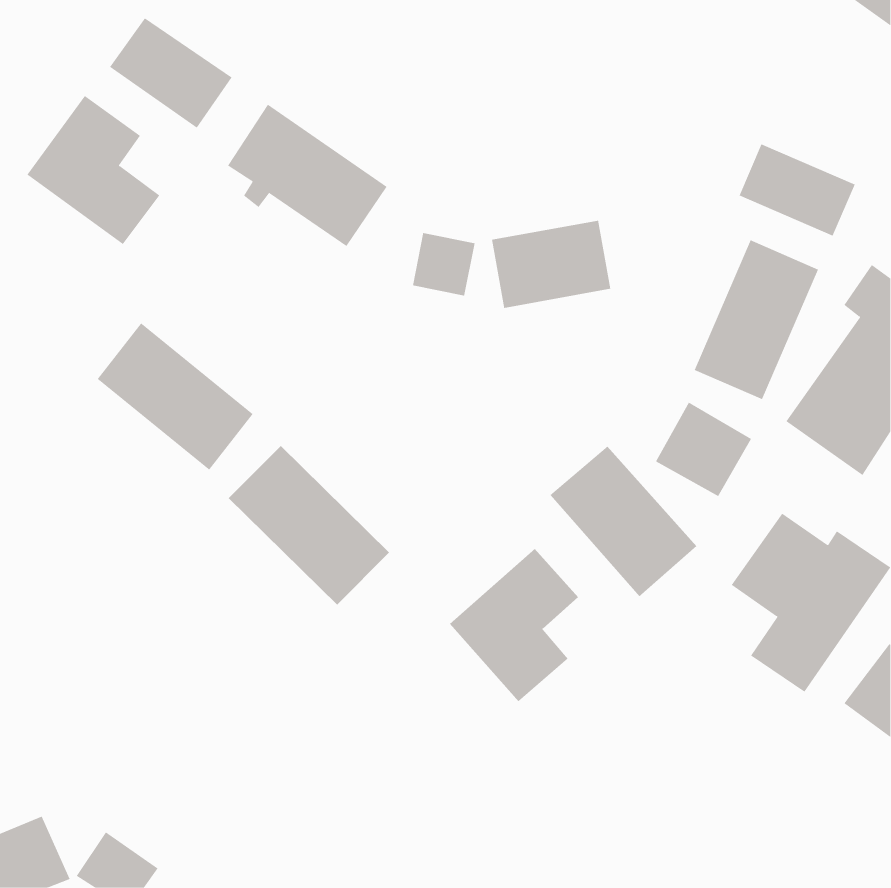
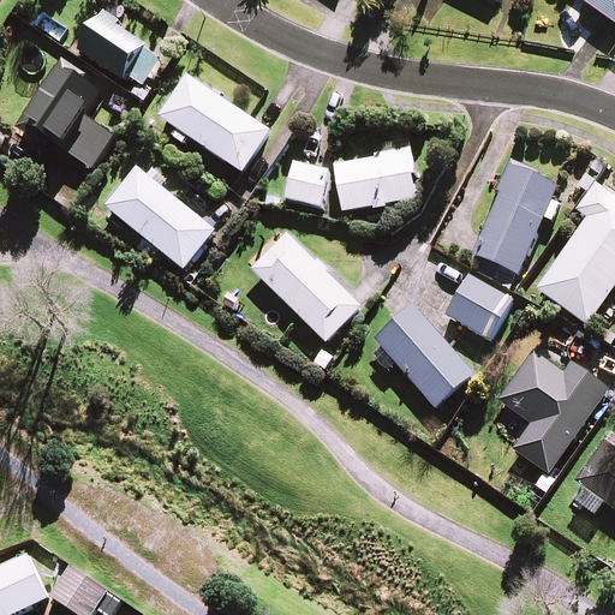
building: [739,143,856,236] -> none
building: [97,322,253,470] -> [102,165,209,265]
building: [228,445,390,605] -> [252,232,363,341]
building: [449,548,579,702] -> none

